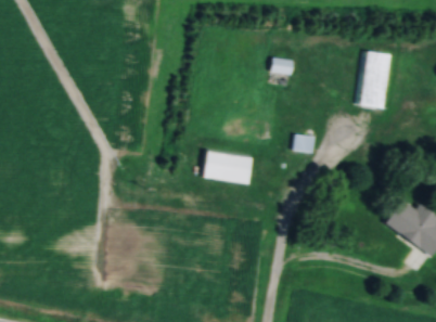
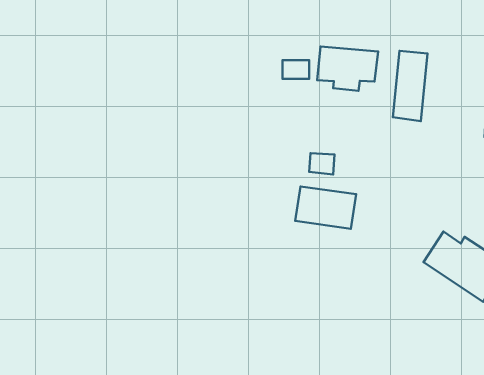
building: none -> [317,46,378,91]
building: [202,150,252,184] -> [295,186,356,229]

